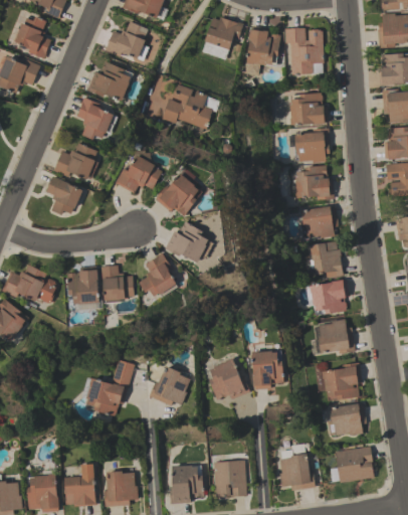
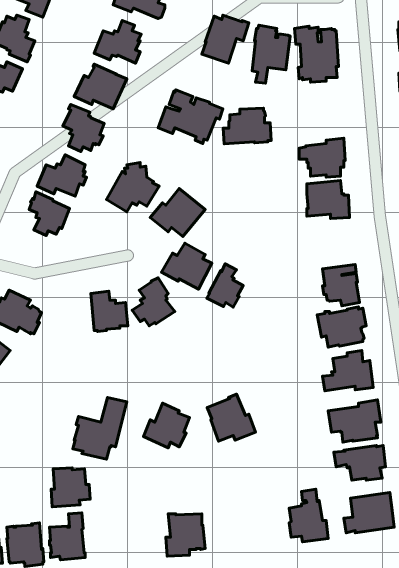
building: [284,93,328,125] -> [223,108,271,144]
building: [300,205,338,237] -> none
building: none -> [207,264,243,307]
building: [66,266,99,304] -> none
building: [251,350,284,389] -> none
building: [213,460,246,497] -> none
building: [104,471,139,506] -> [51,468,90,507]

